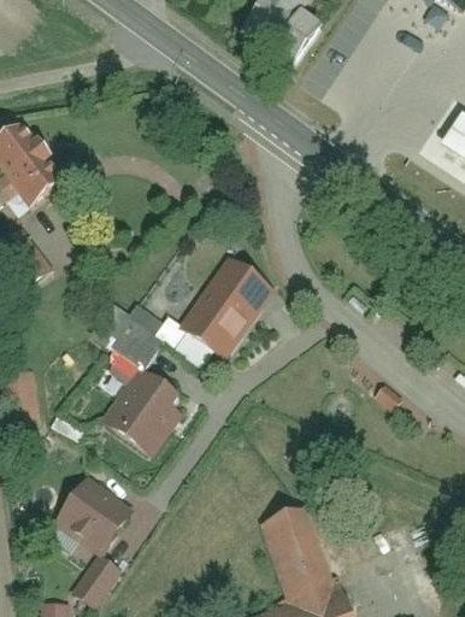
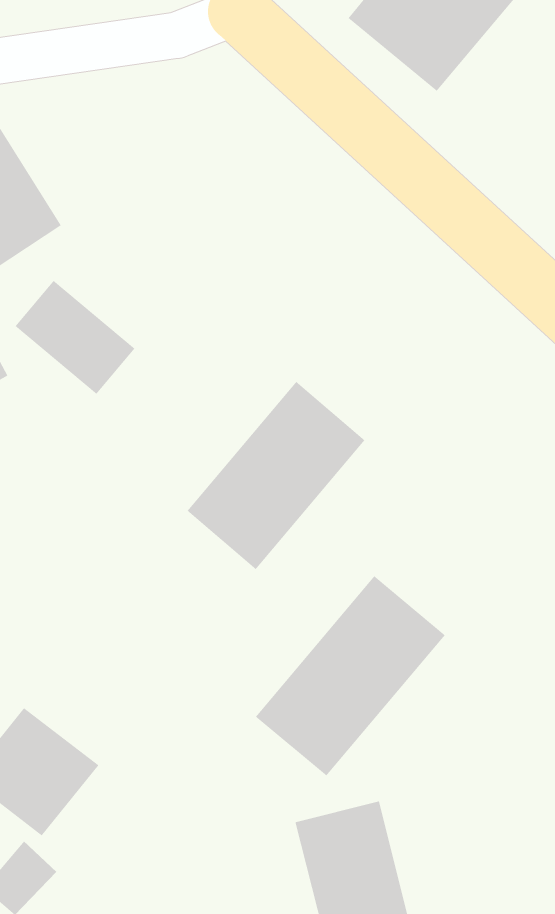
building: [87,300,163,368] -> [15,280,136,395]
building: none -> [255,575,446,777]
building: [104,374,184,453] -> none

